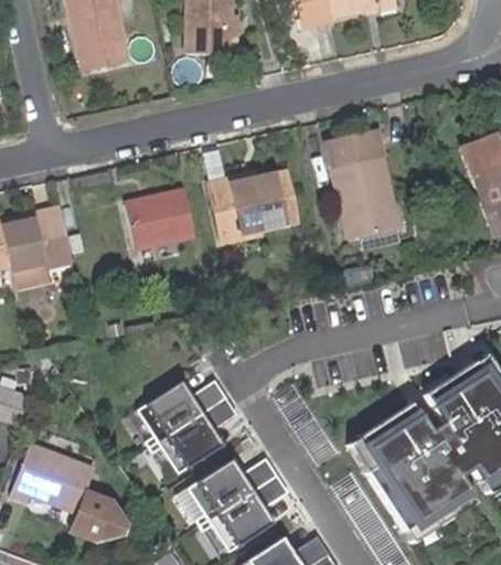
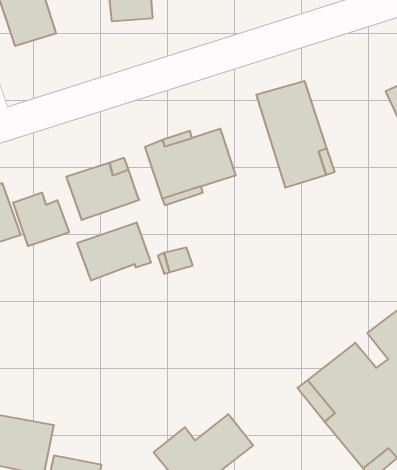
building: none -> [13,193,69,246]
building: none -> [77,222,151,281]
building: [139,383,241,477] -> none

